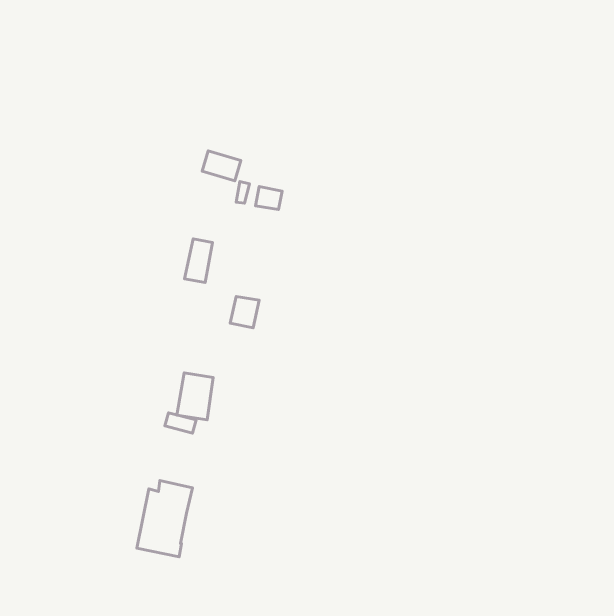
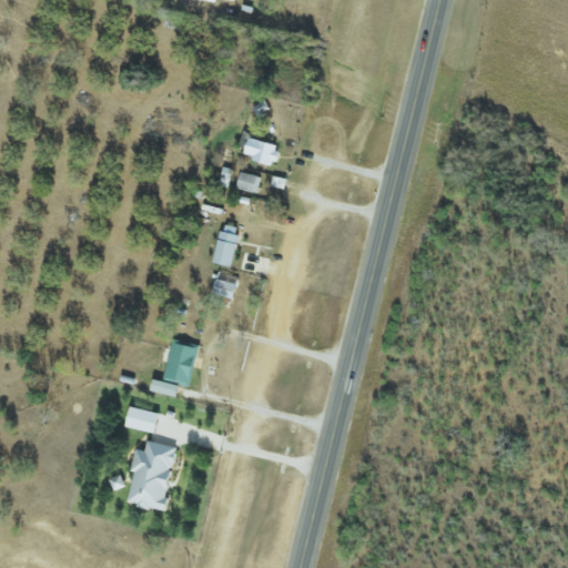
building: [202,151,241,181] -> [243,136,278,164]
building: [185,239,212,282] -> [213,225,239,265]
building: none -> [125,406,159,433]

